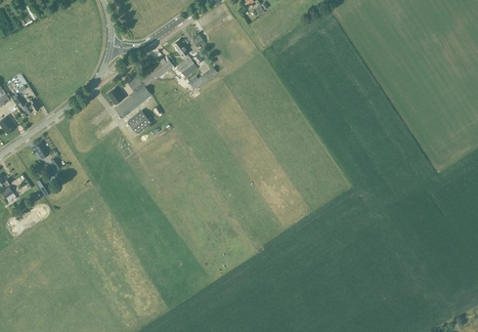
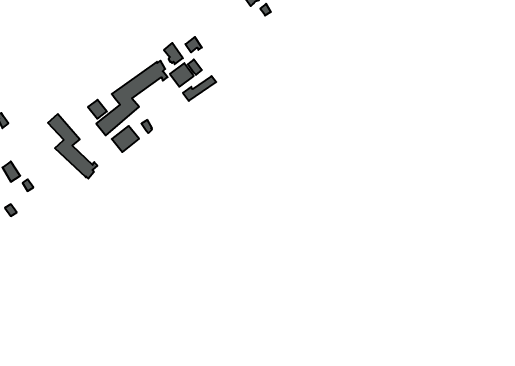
building: none -> [48,114,97,179]

